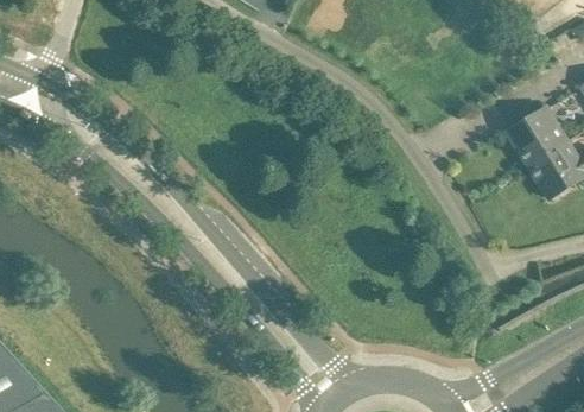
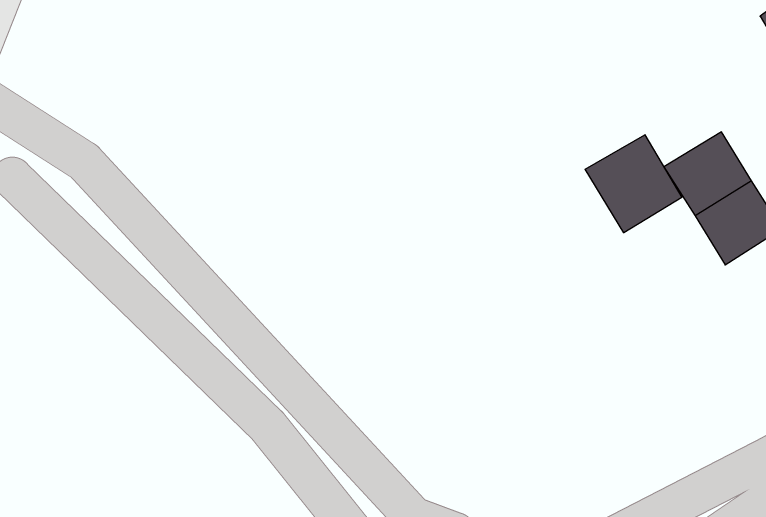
building: none -> [585,135,682,233]

